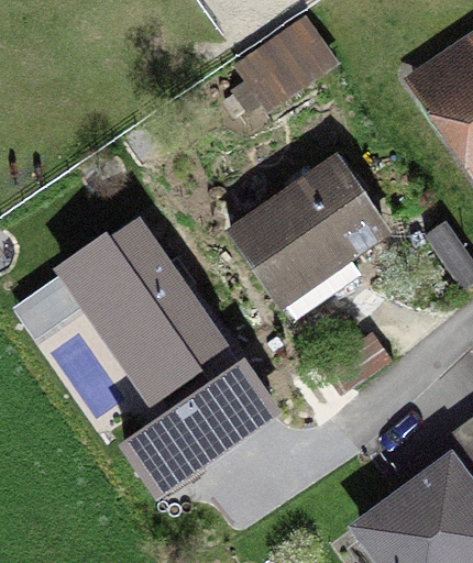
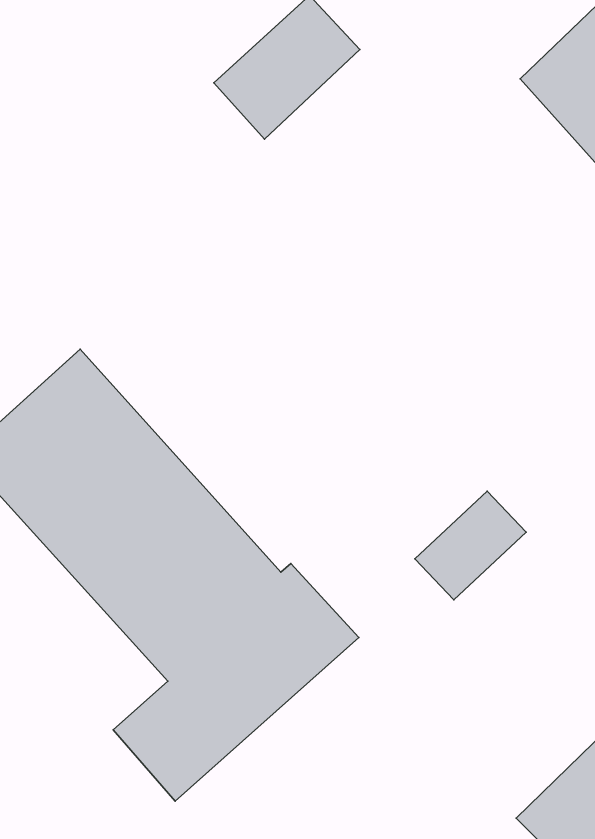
building: [229,163,377,317] -> none

